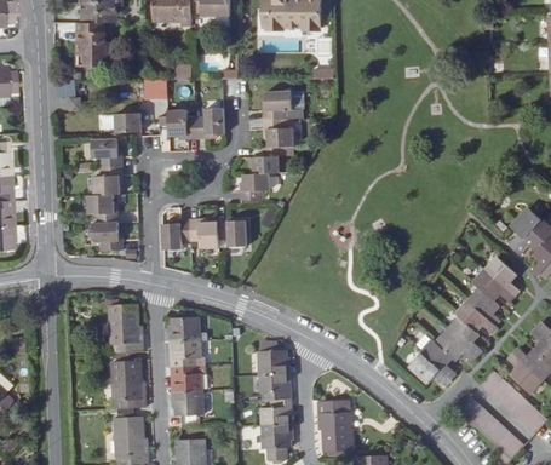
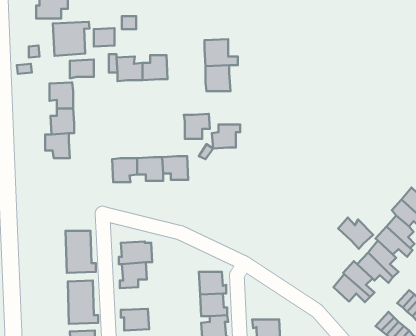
building: none -> [53,22,89,56]
building: [252,148,283,174] -> [212,125,240,148]
building: [92,222,120,251] -> none
building: none -> [338,218,373,249]
building: [171,367,202,392] -> none

